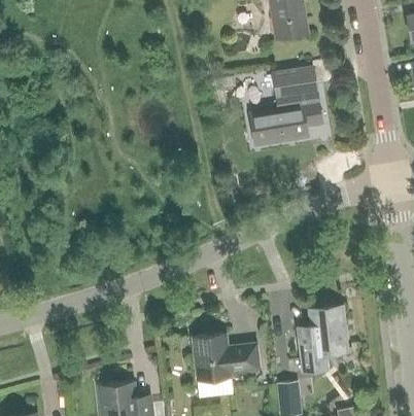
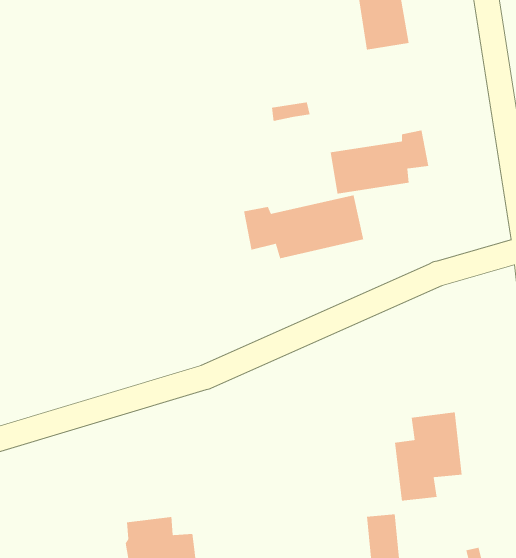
building: [274,67,318,99] -> none
building: none -> [244,195,364,259]
building: [193,334,261,381] -> none

